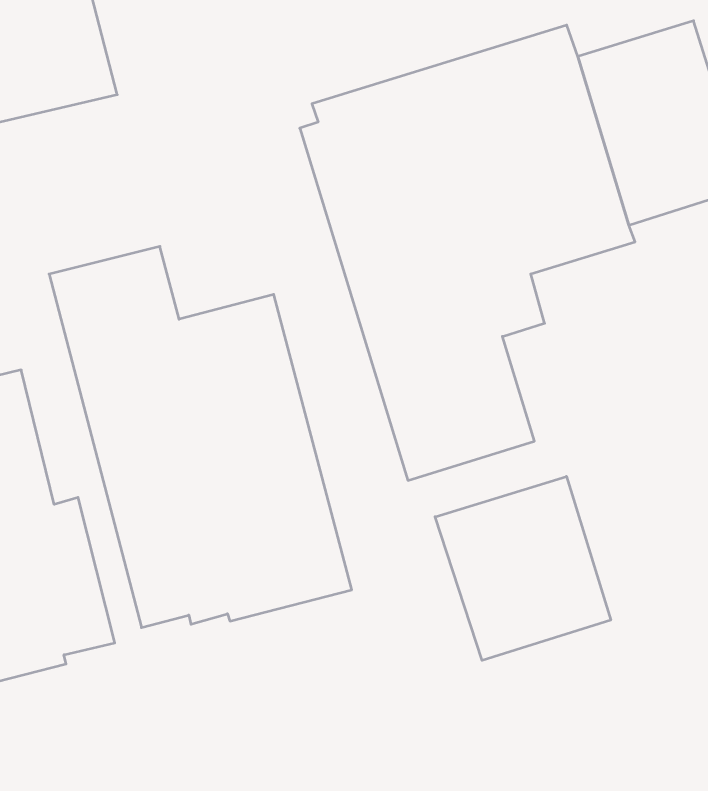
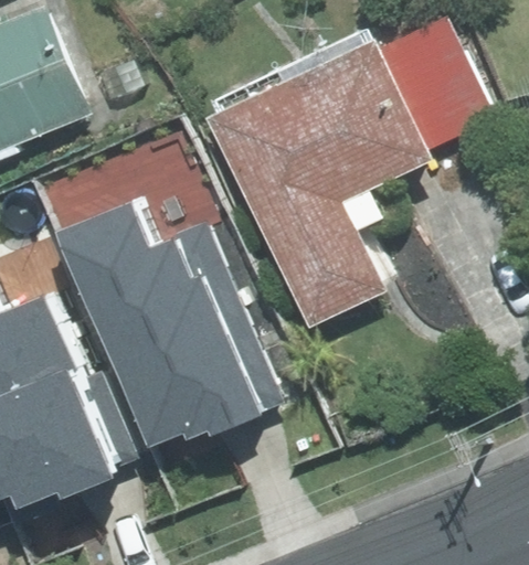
building: [435,476,611,660] -> none

